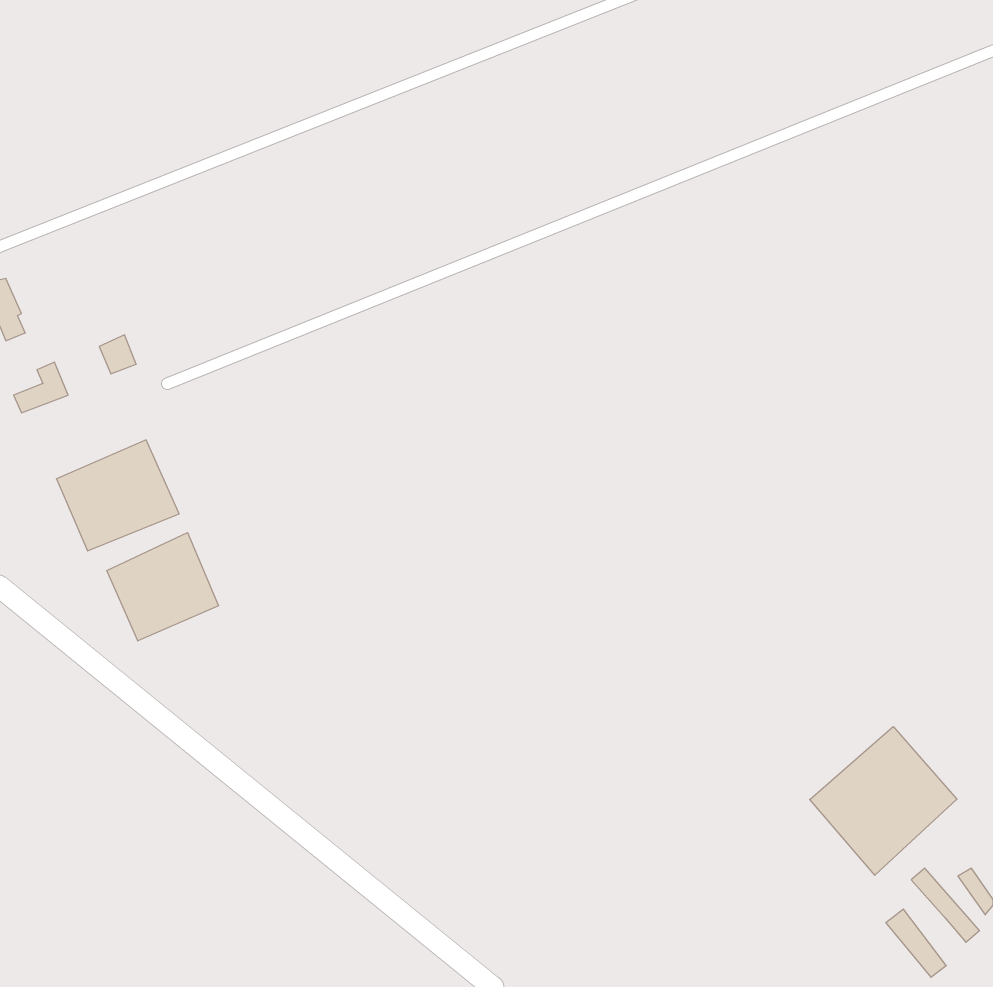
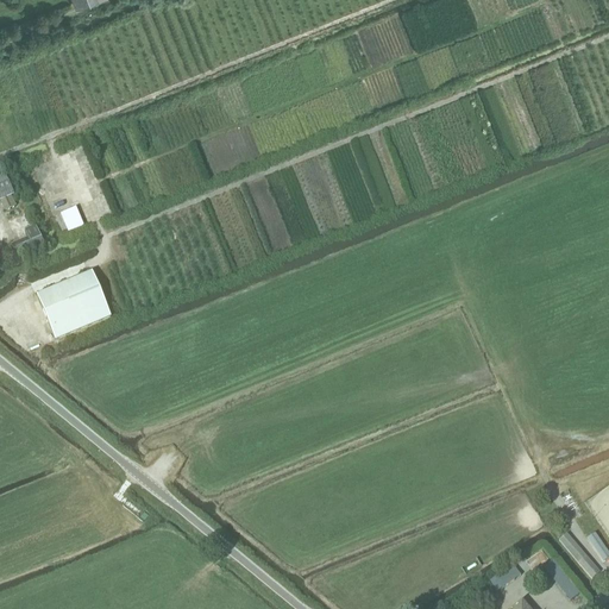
building: [107,533,218,641] -> none
building: [810,727,957,875] -> none

